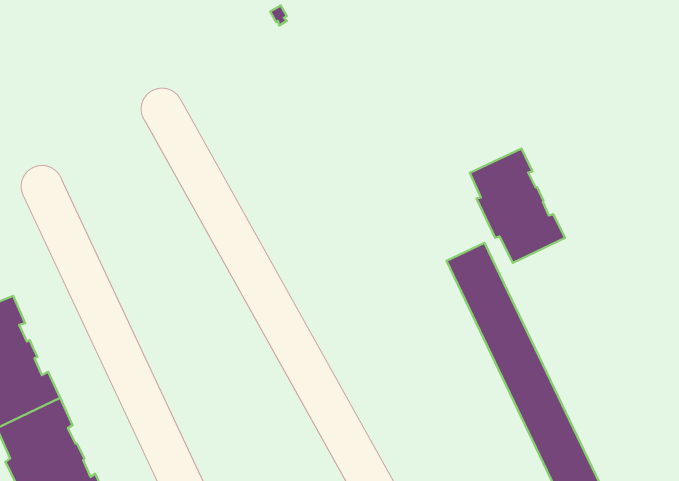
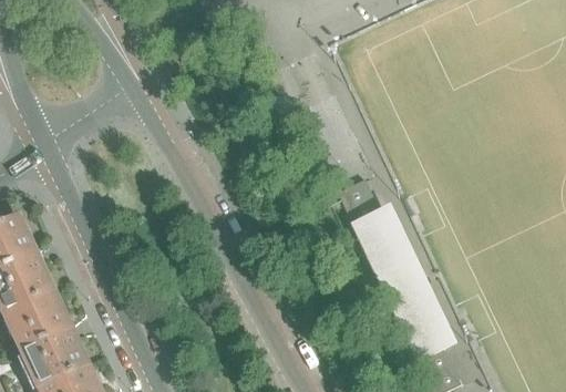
building: [470,149,565,263] -> none

